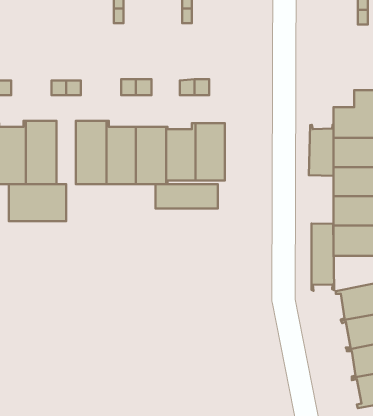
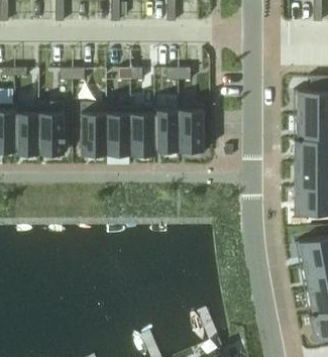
building: [309,125,334,176] -> none
building: [9,184,66,221] -> none
building: [156,184,218,208] -> none
building: [311,223,334,291] -> none

